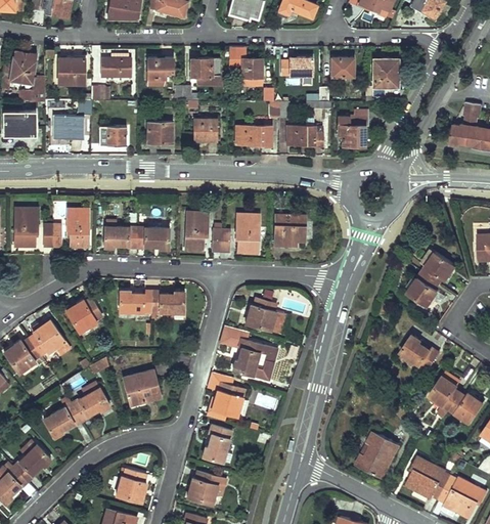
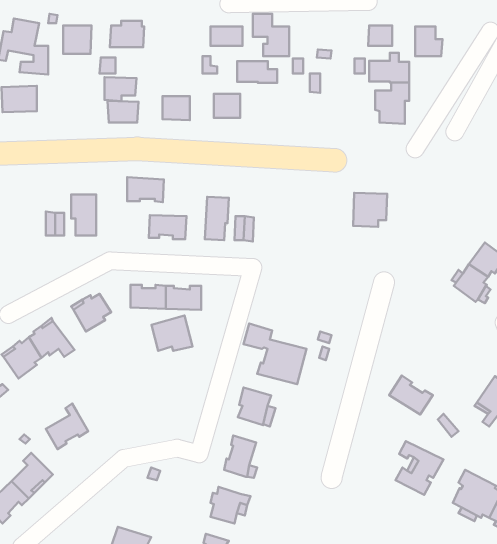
building: [281,57,311,76] -> none
building: [147,58,172,86] -> none
building: [53,116,82,137] -> [104,77,136,101]
building: [286,119,322,145] -> [369,53,409,83]
building: [235,126,271,145] -> [237,61,277,83]
building: [13,209,37,247] -> none
building: [235,215,260,253] -> none
building: [274,216,305,247] -> [353,193,387,227]
building: [103,226,136,249] -> [127,177,164,202]
building: [248,298,283,334] -> none
building: [400,335,439,369] -> [389,376,433,414]
building: [123,369,160,401] -> [151,316,192,351]
building: [71,383,109,422] -> none
building: [117,469,145,500] -> none

